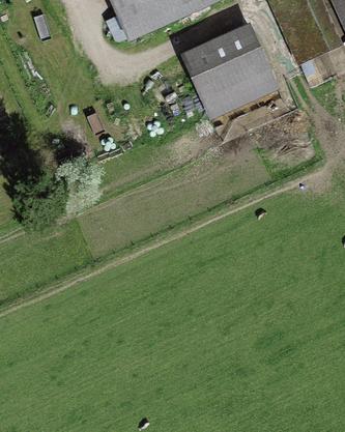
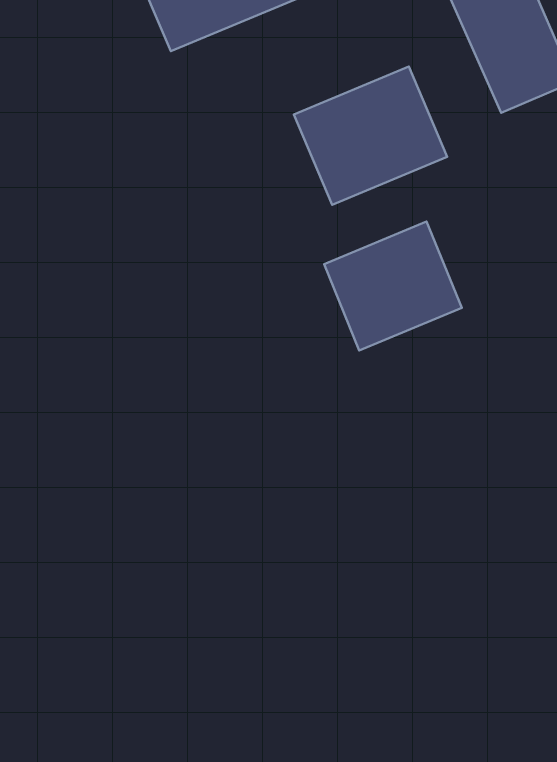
building: none -> [324,222,462,350]

